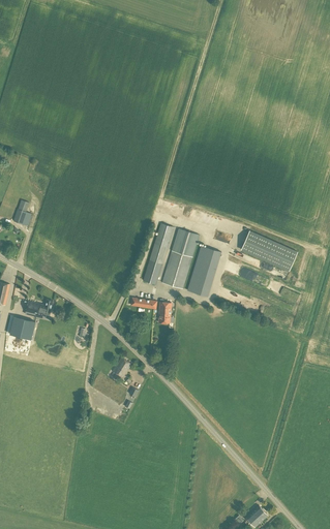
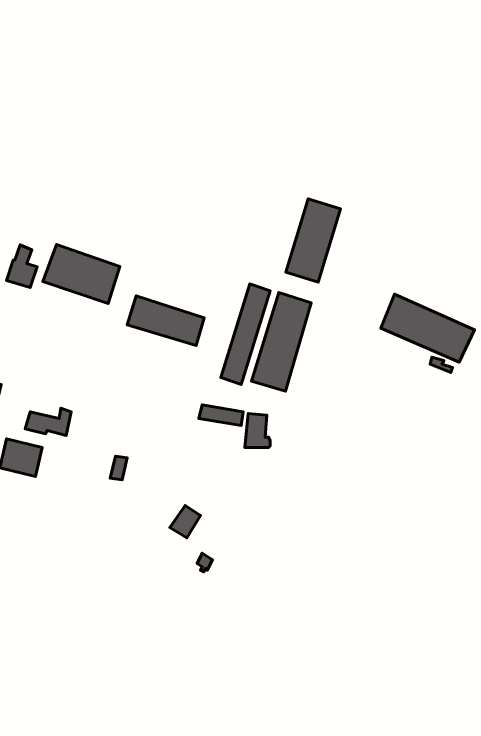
building: none -> [43,244,120,303]
building: none -> [127,296,204,346]
building: [187,246,220,297] -> [286,199,340,282]

